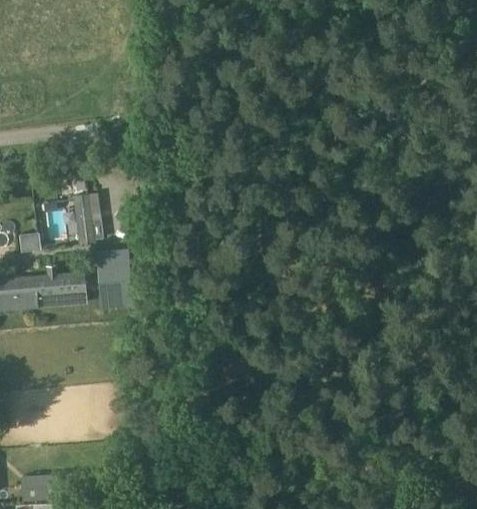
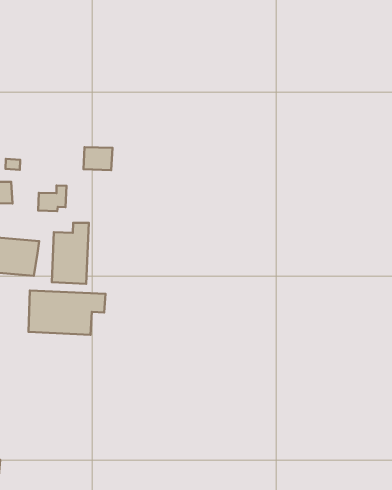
building: [73,193,100,216] -> [83,147,112,170]
building: none -> [29,290,106,335]

